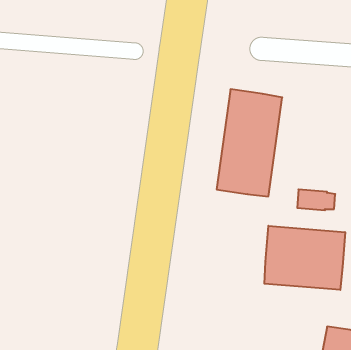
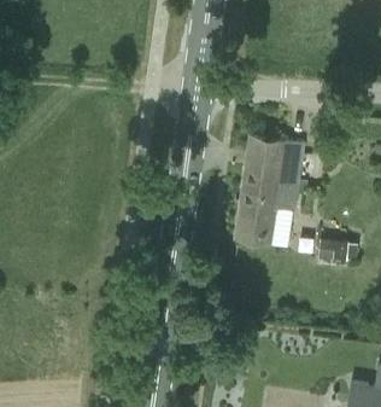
building: [264,226,345,290] -> none

